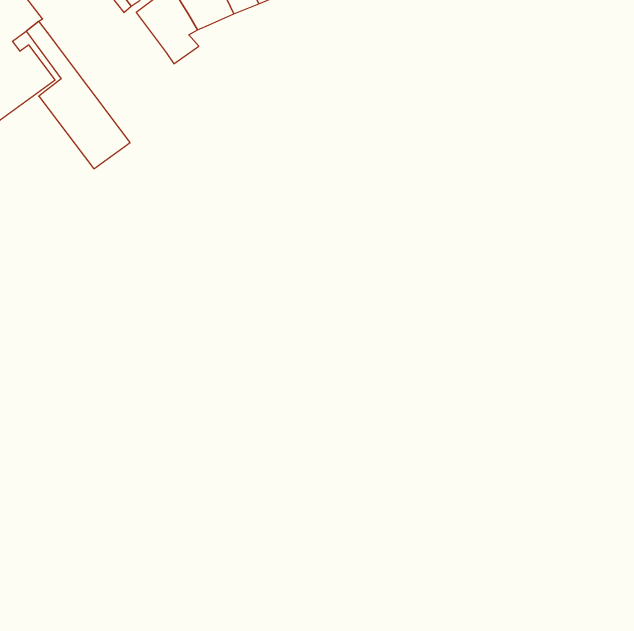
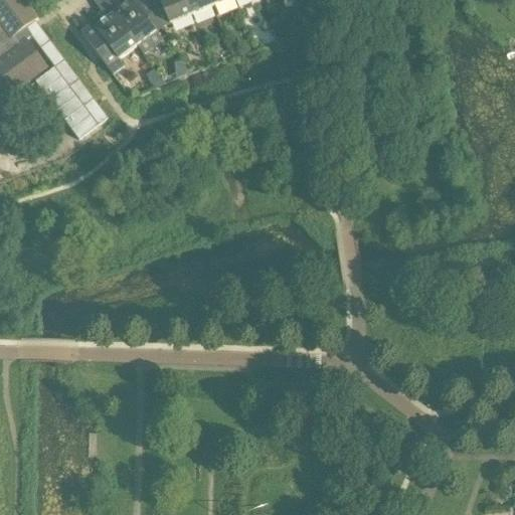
building: none -> [77,10,134,71]

